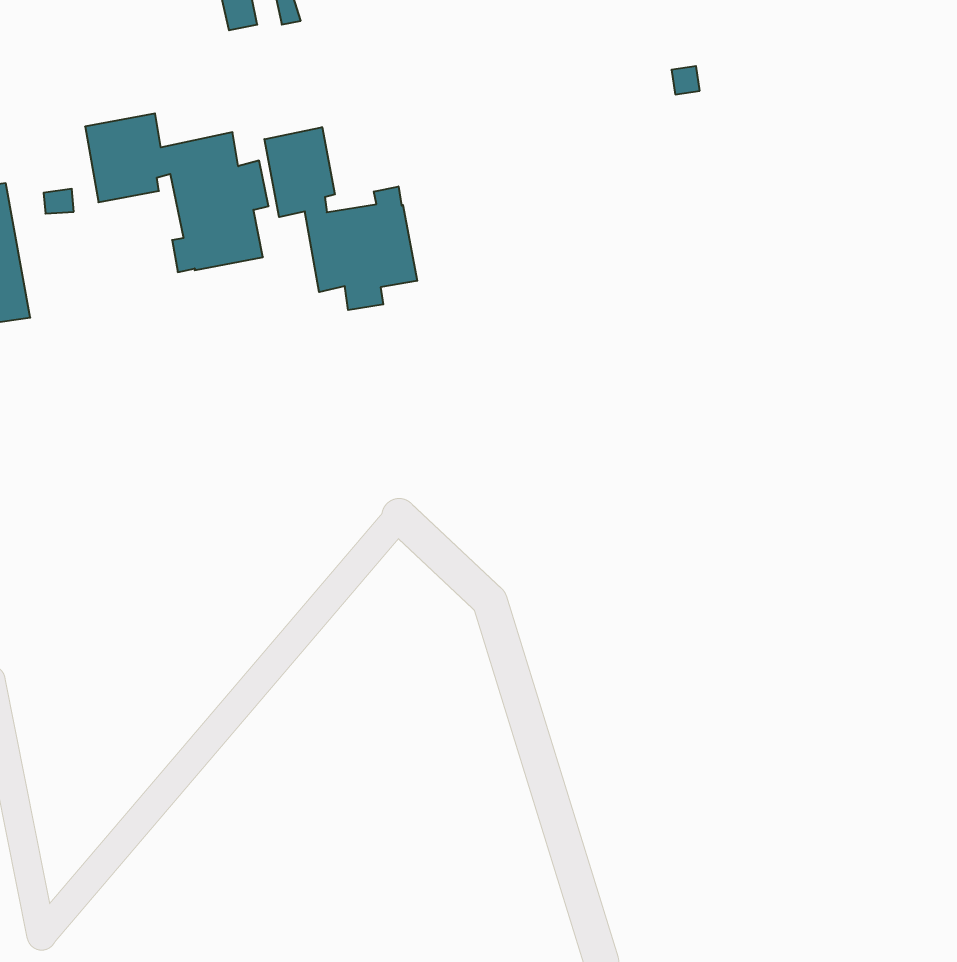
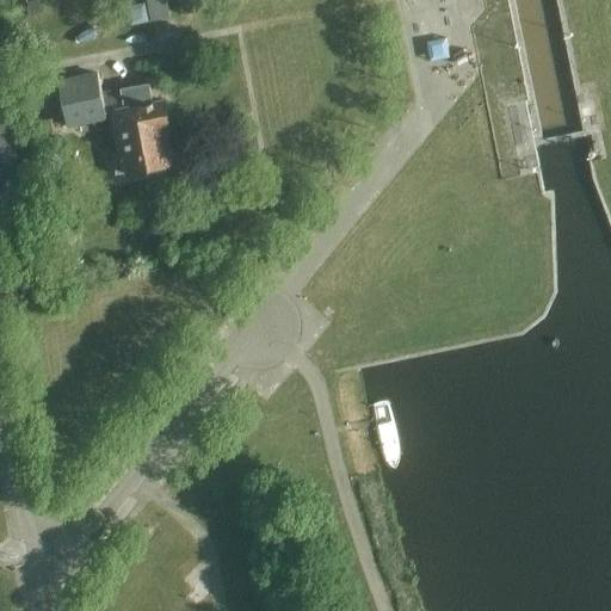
building: [264,127,417,310] -> none

